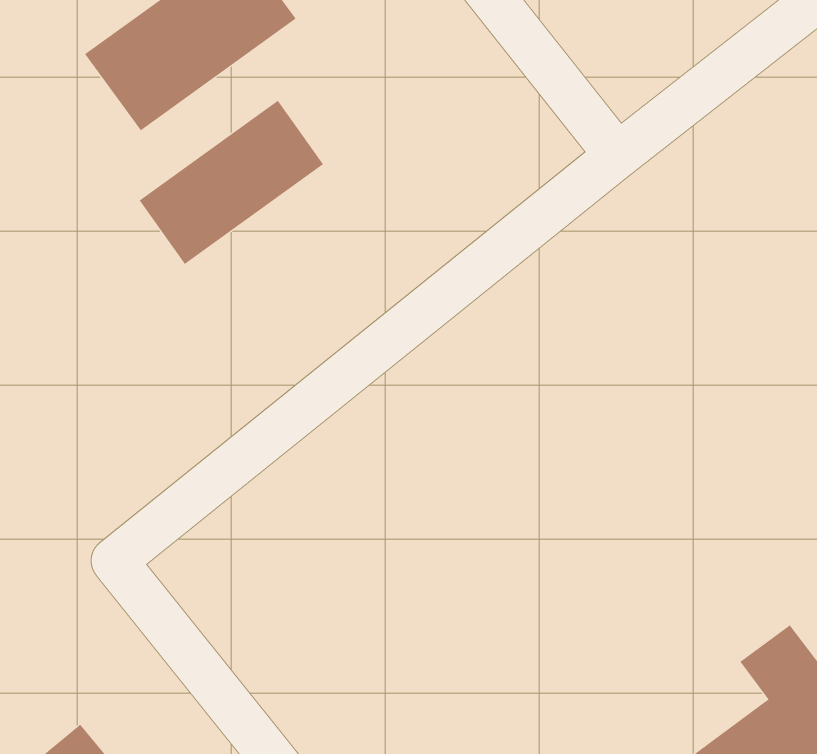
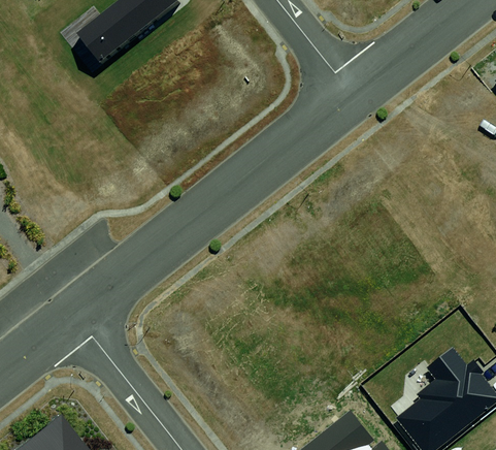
building: [139,100,324,265] -> none

